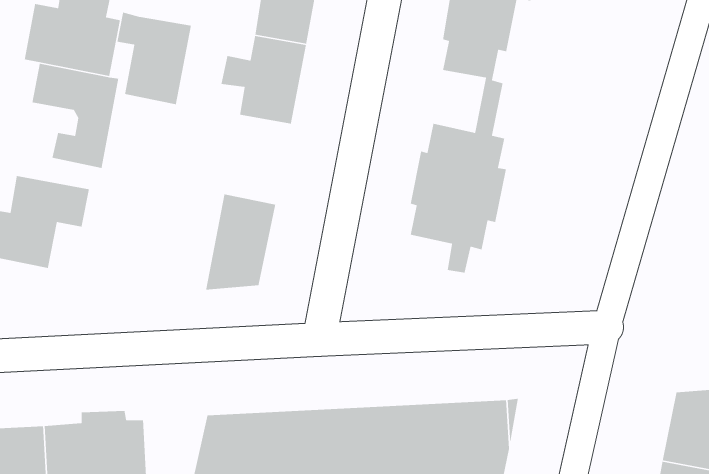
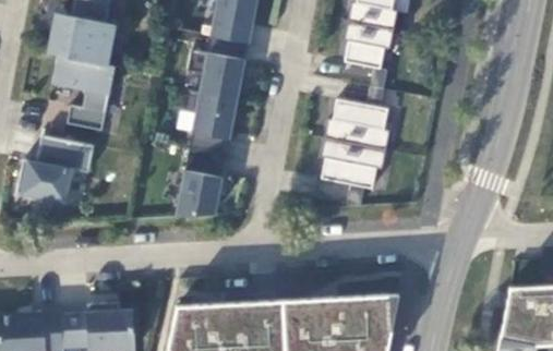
building: [116,11,192,105] -> [183,90,237,157]

